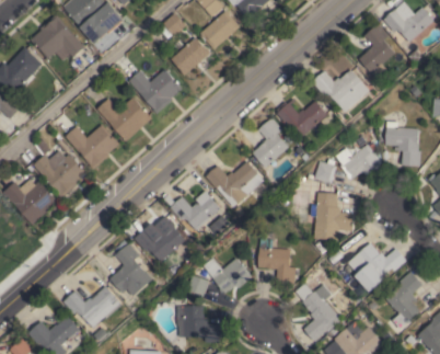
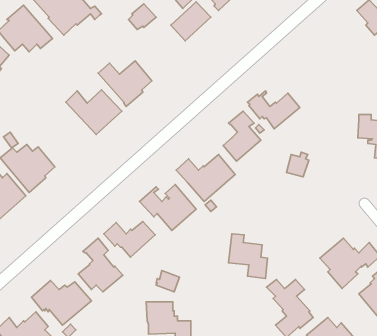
building: [359,24,395,79] -> none
building: [172,37,211,77] -> none
building: [312,69,369,112] -> none
building: [65,125,119,170] -> none
building: [335,144,382,180] -> none
building: [314,193,354,240] -> none
building: [202,258,252,293] -> none

